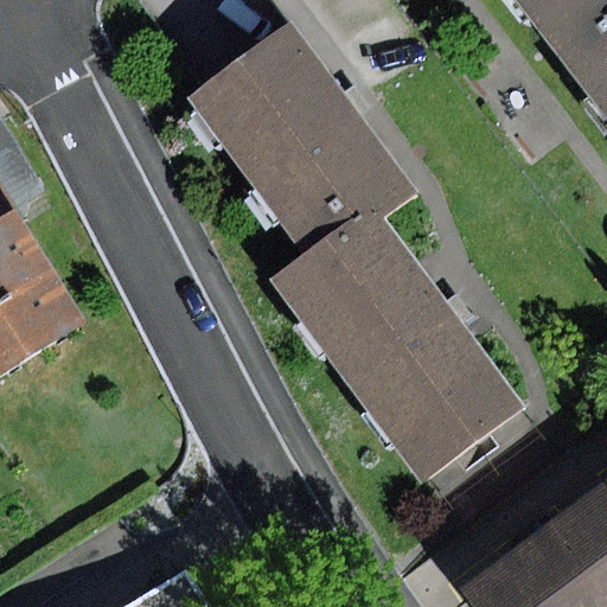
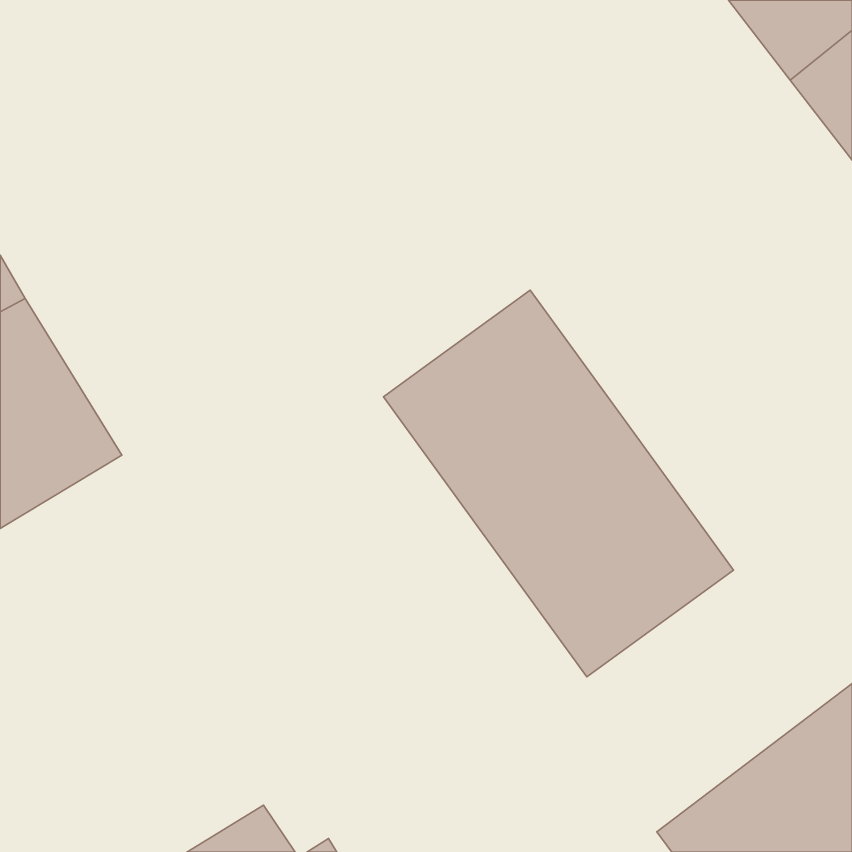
building: [187,26,408,260] -> none

